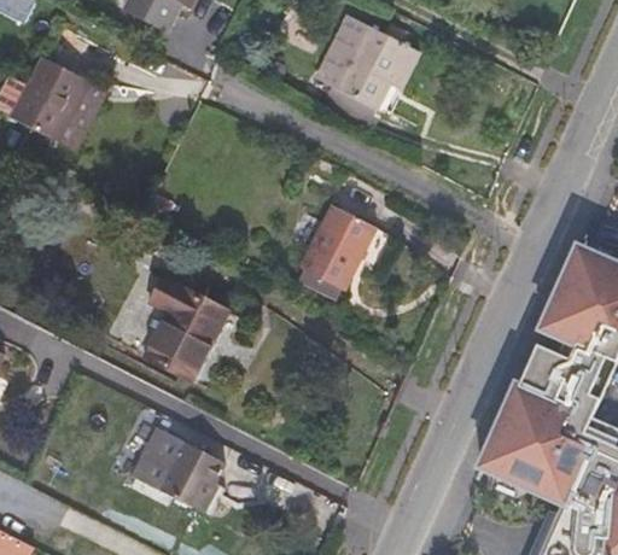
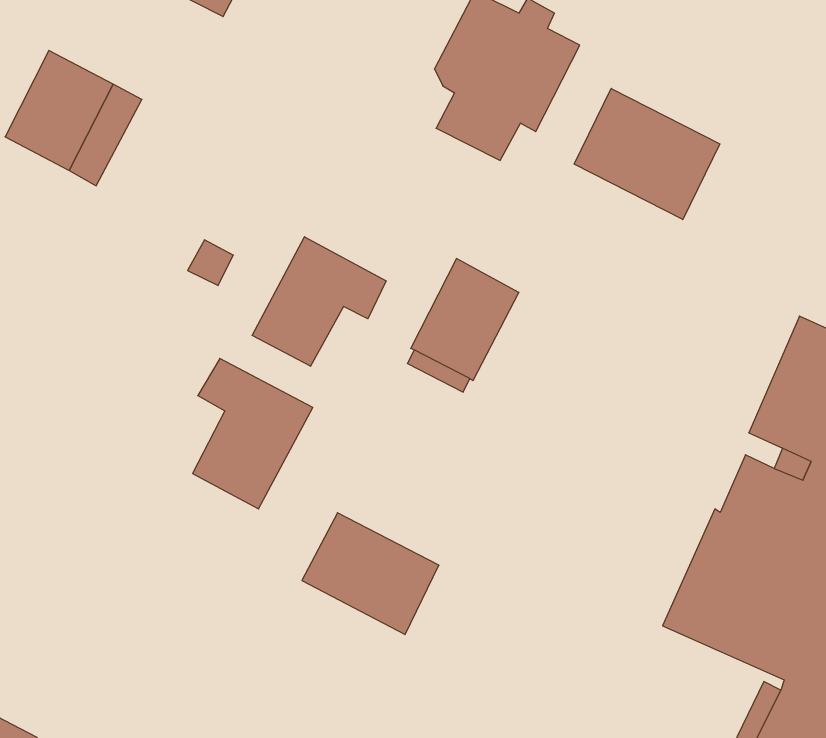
building: none -> [574,88,720,220]
building: none -> [252,237,386,366]
building: [127,425,225,512] -> [302,513,439,635]

